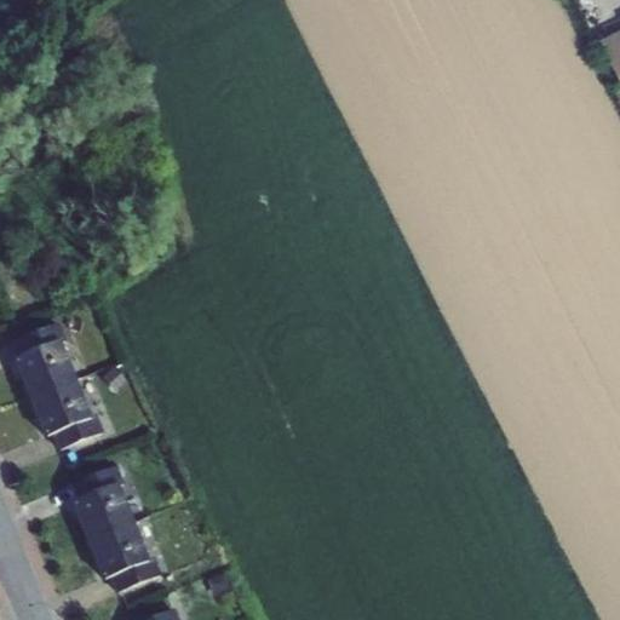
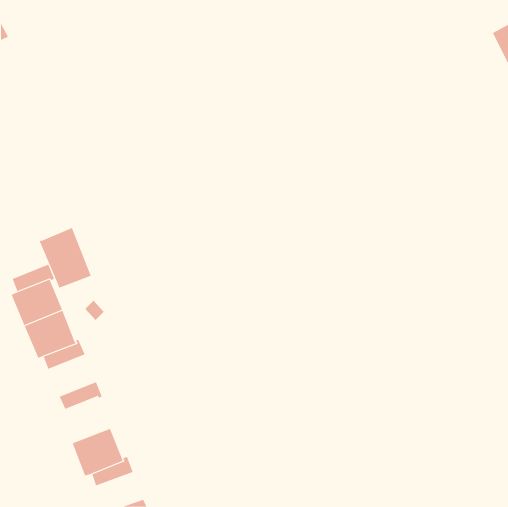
building: none -> [39,227,92,289]
building: [73,482,136,539] -> none

